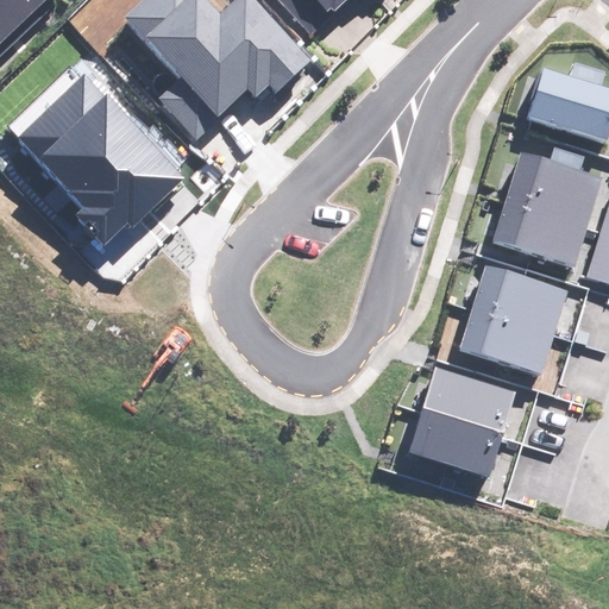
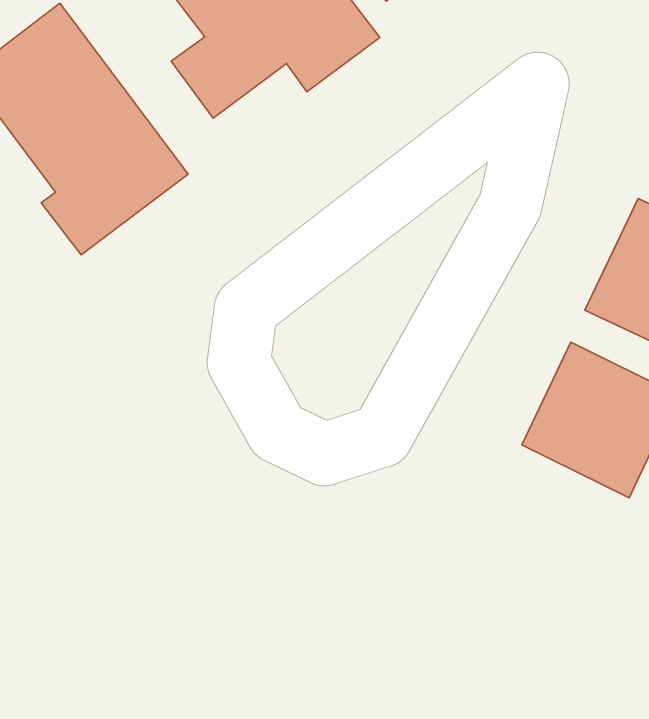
building: [408,366,519,477] -> none

